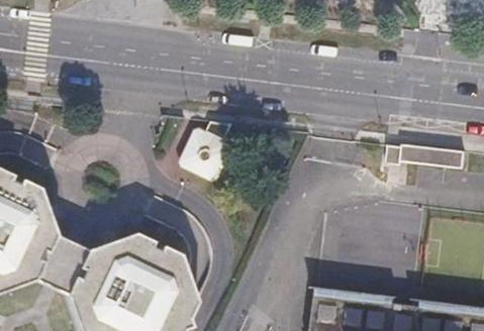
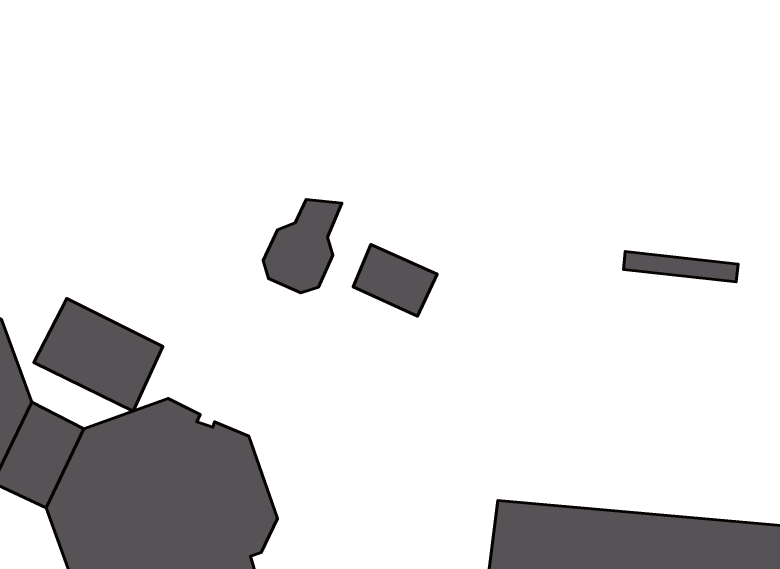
building: none -> [353,245,437,316]
building: none -> [34,298,163,411]

